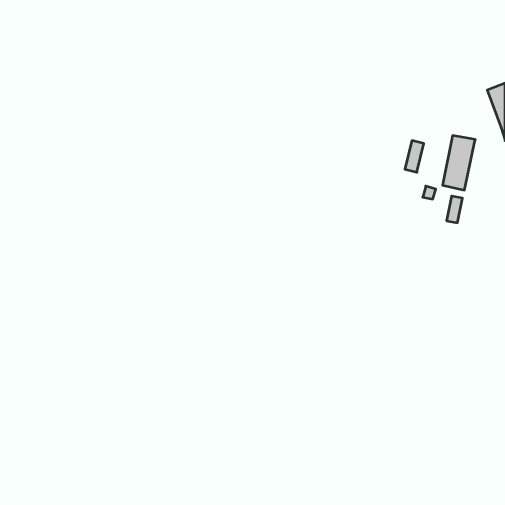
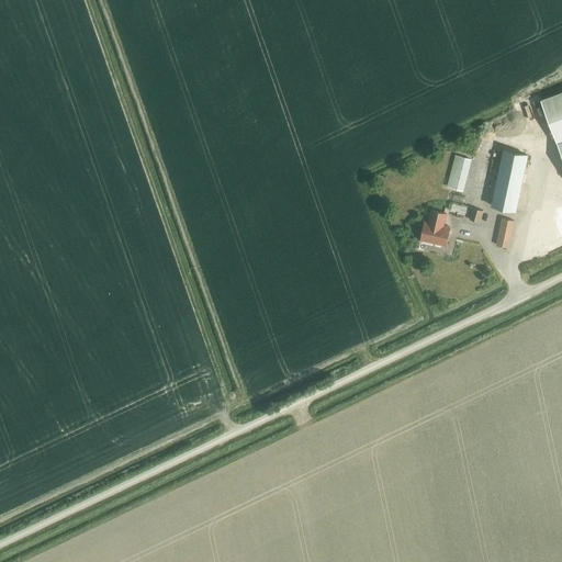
building: none -> [419,211,449,246]

